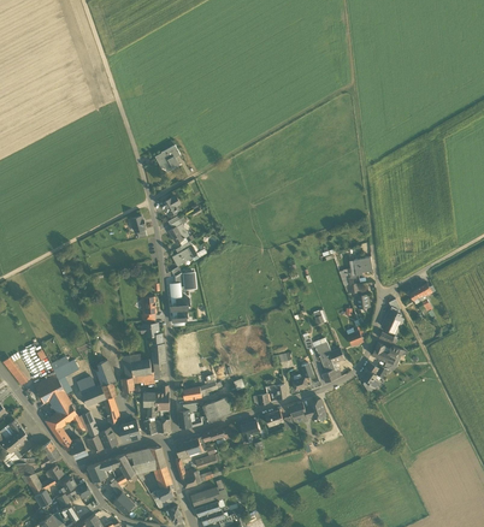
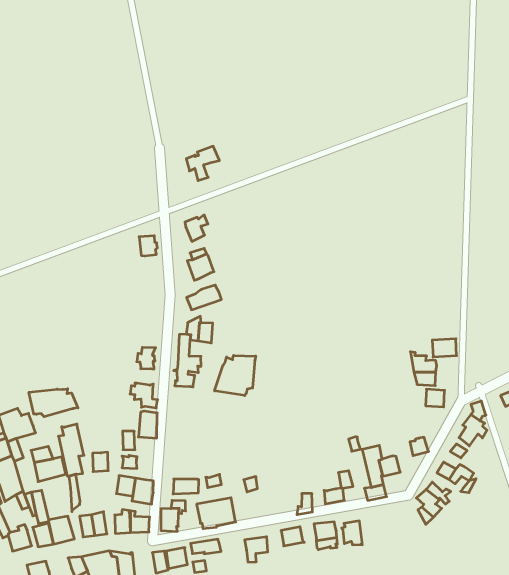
building: none -> [215,355,256,396]
building: none -> [29,389,78,417]

